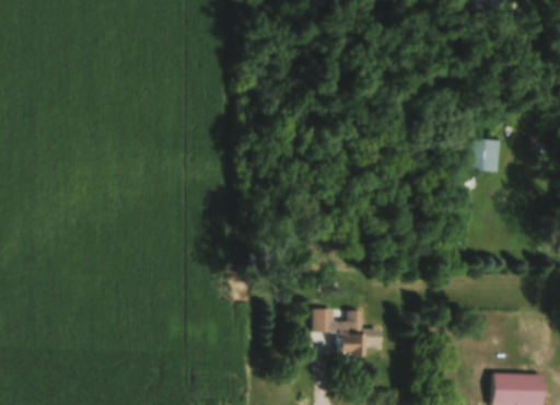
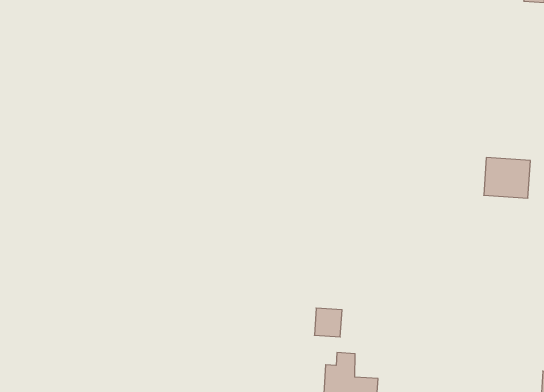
building: [312,310,334,333] -> [314,308,342,337]

